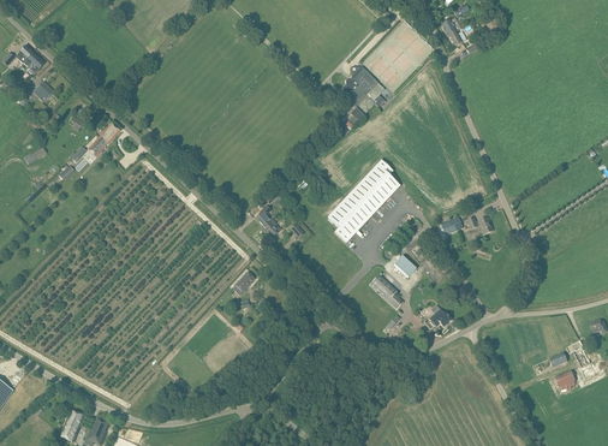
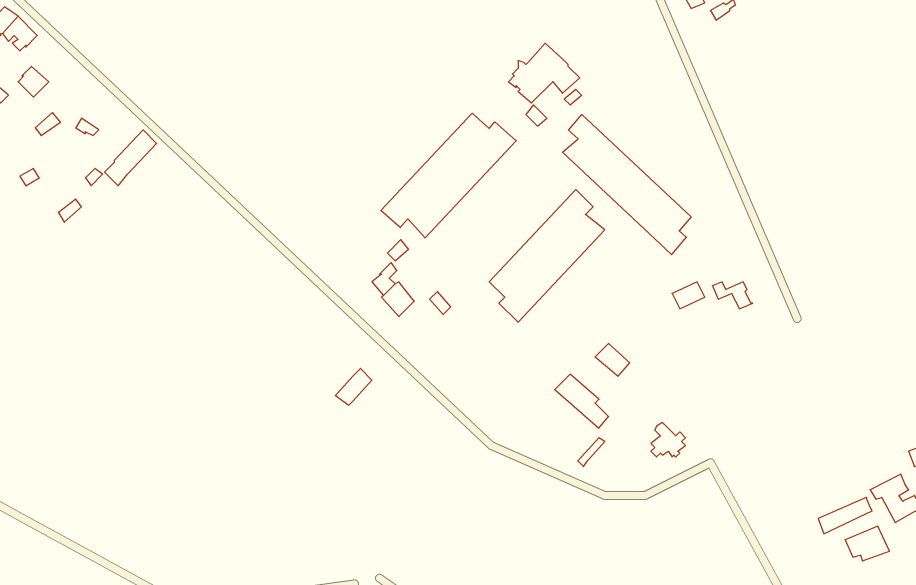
building: none -> [381,113,516,238]
building: none -> [562,115,691,255]

